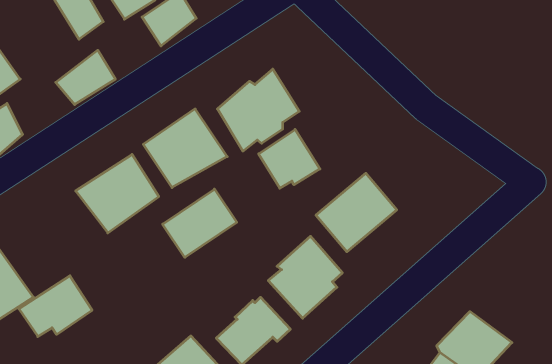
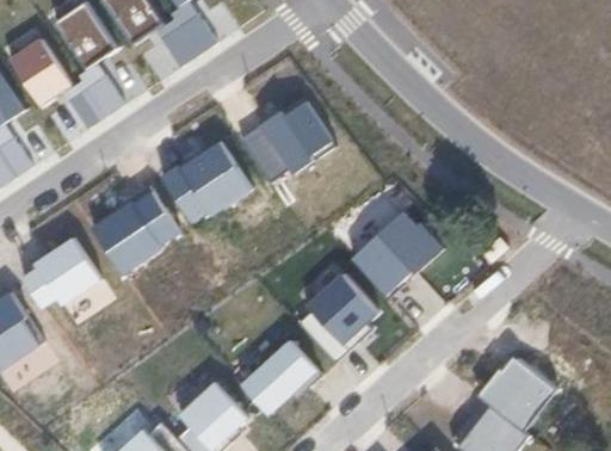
building: none -> [12,39,80,105]
building: [259,129,320,188] -> none
building: [163,189,237,257] -> none
building: [19,276,92,337] -> [20,242,99,308]

